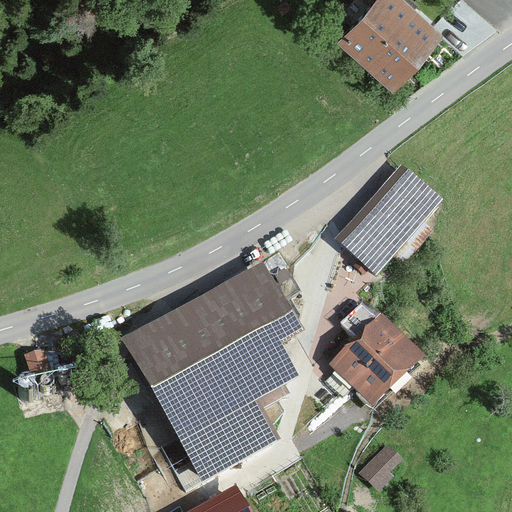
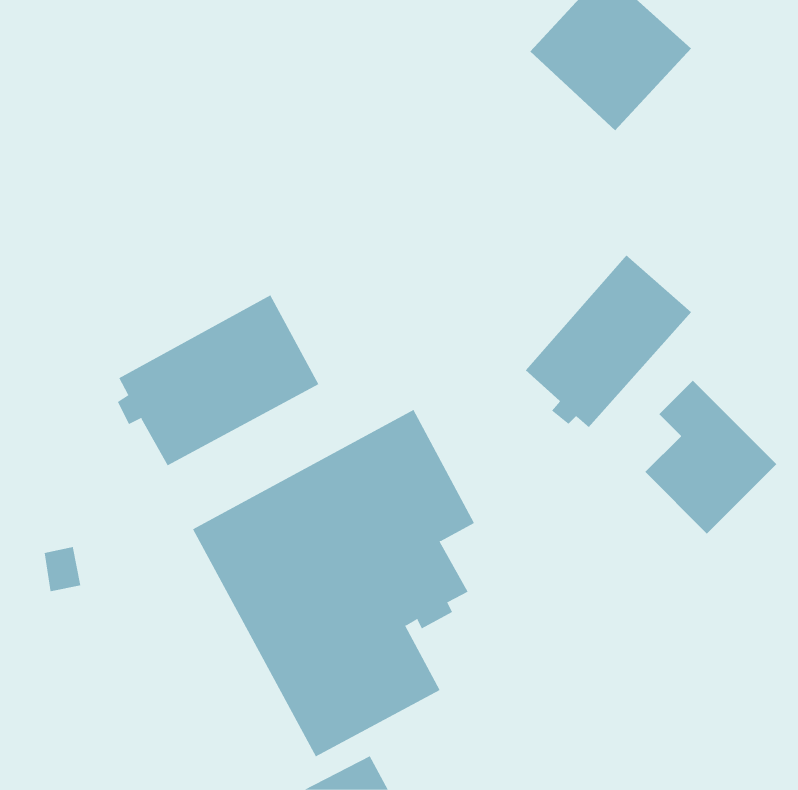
building: none -> [117,294,319,466]
building: [335,307,420,406] -> [645,380,777,534]
building: [359,441,404,489] -> none

